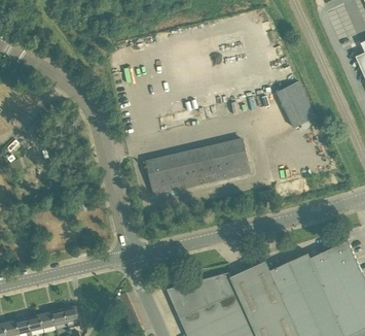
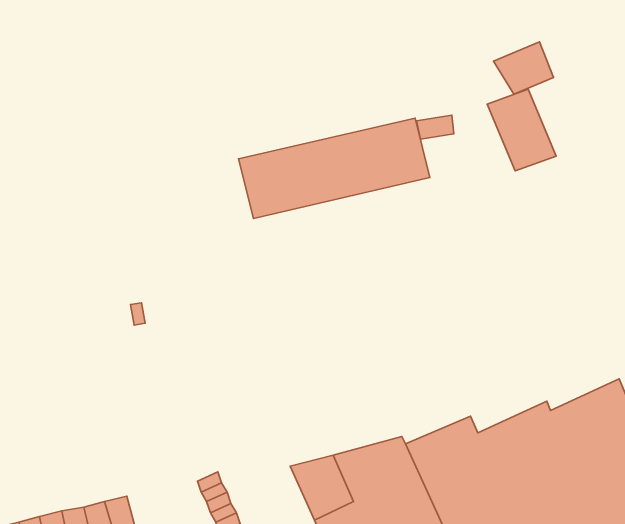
building: none -> [493,42,554,94]
building: [146,140,252,196] -> [238,118,430,218]

